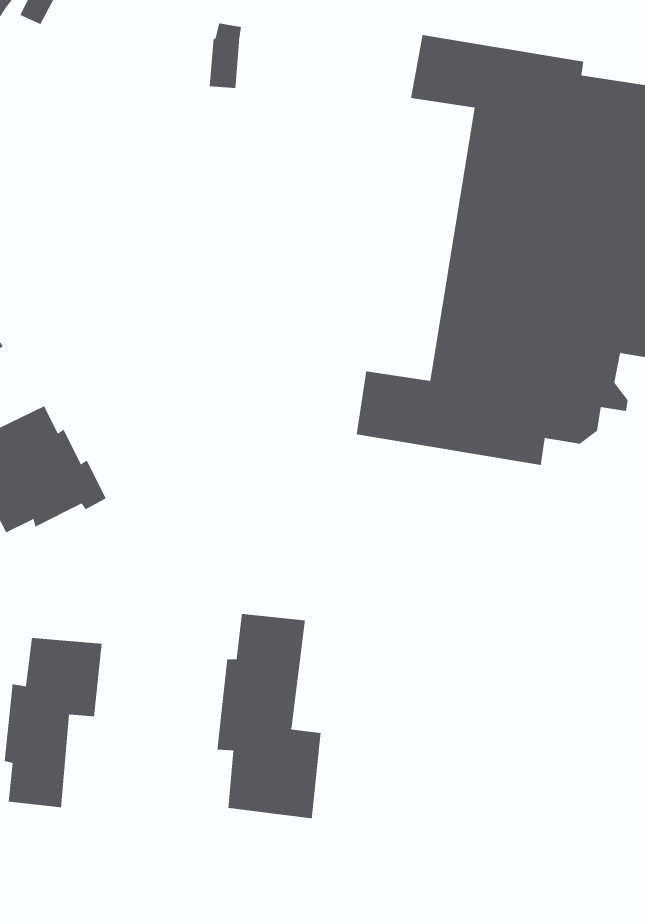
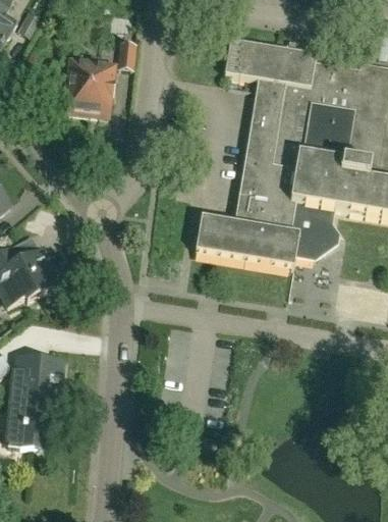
building: none -> [64,57,114,114]
building: [217,613,321,819] -> none

